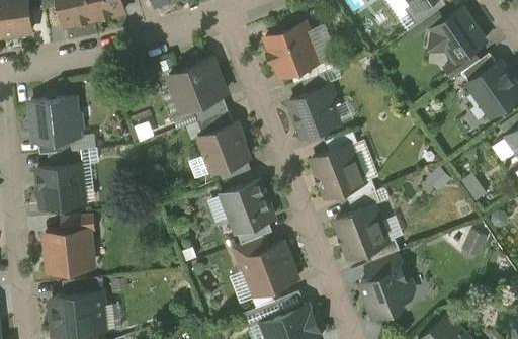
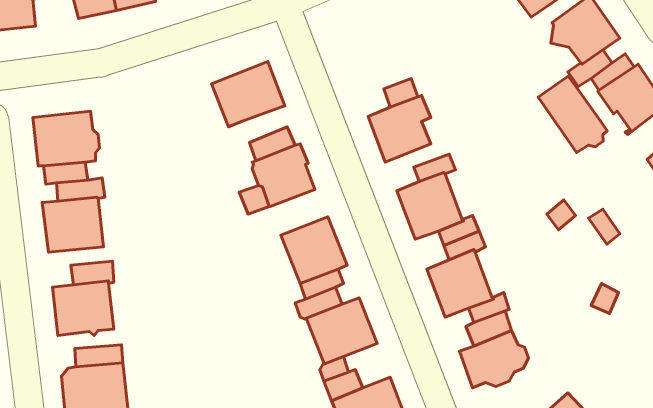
building: [264,24,320,78] -> none
building: none -> [538,76,607,152]
building: [191,96,227,123] -> none

